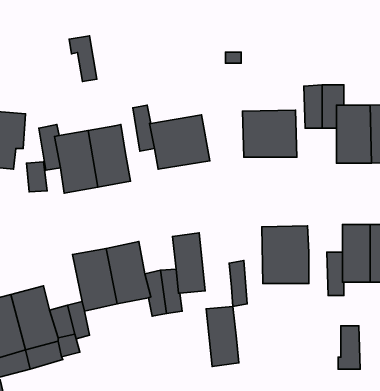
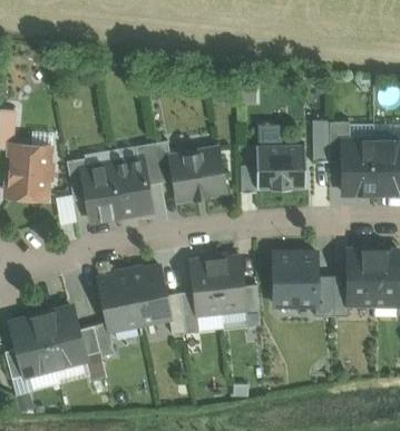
building: [69,36,97,81] -> [135,143,160,185]
building: [206,306,239,367] -> [215,256,245,312]
building: [338,326,360,369] -> [314,276,334,316]

